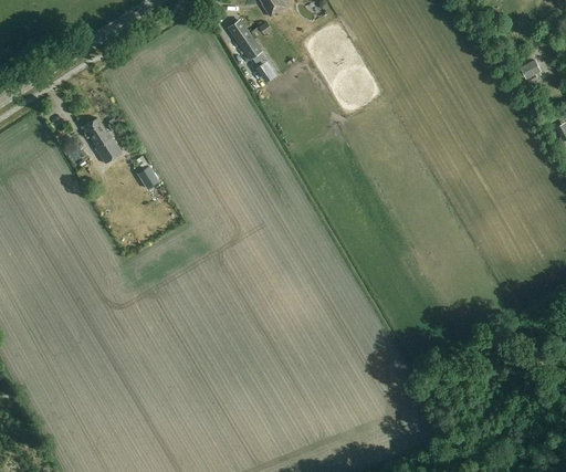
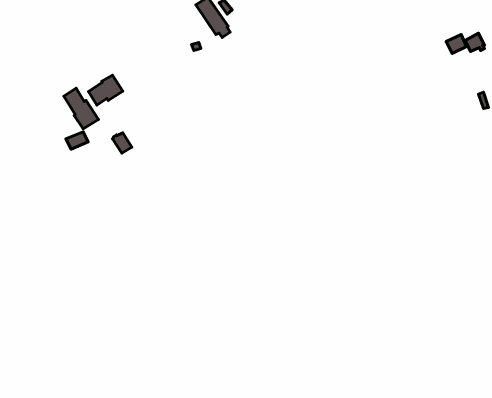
building: none -> [89,75,123,105]

